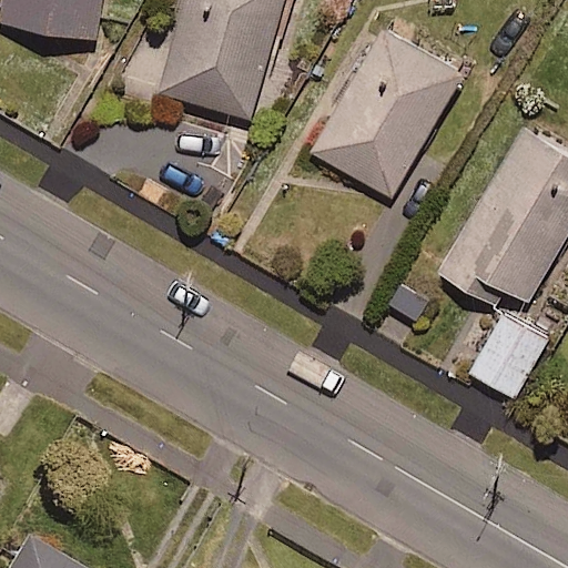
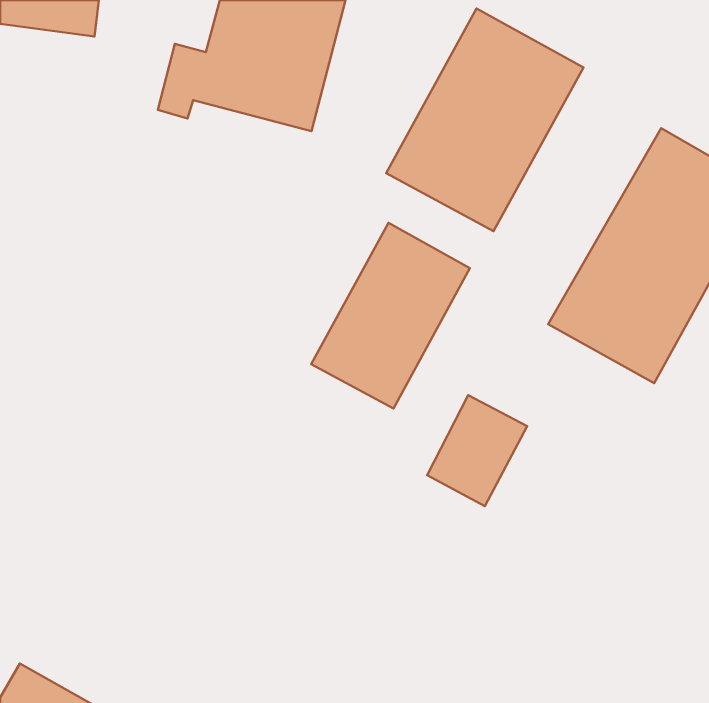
building: none -> [311,223,470,409]
building: [462,317,540,405] -> [427,395,527,506]

